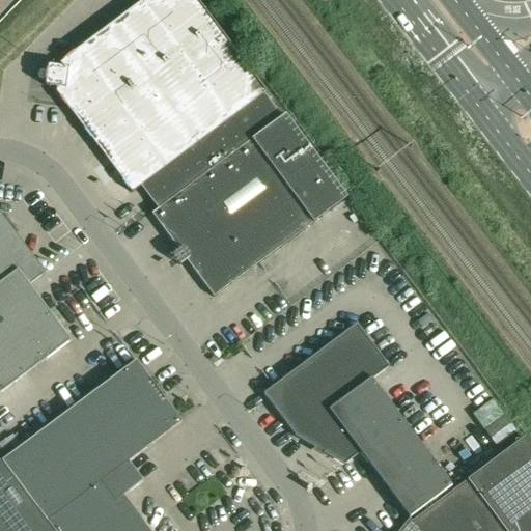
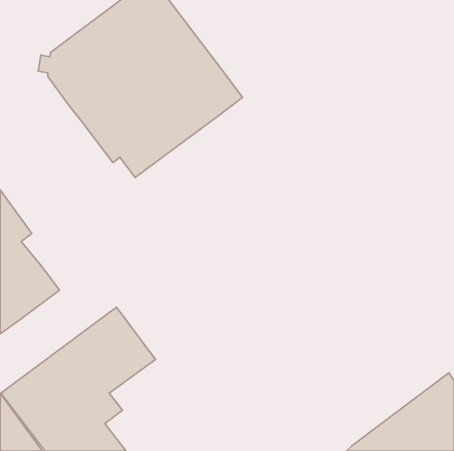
building: [151,112,347,295] -> none
building: [263,323,452,516] -> none

